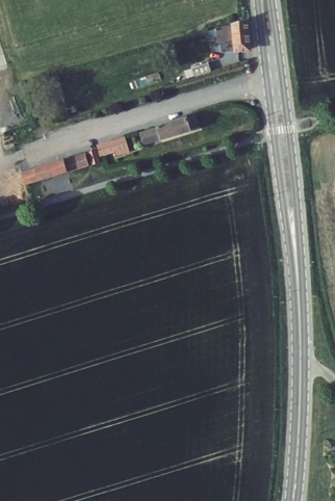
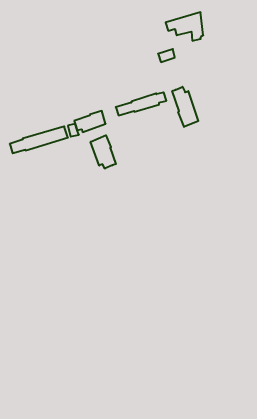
building: none -> [172,87,198,127]
building: none -> [91,135,116,169]

